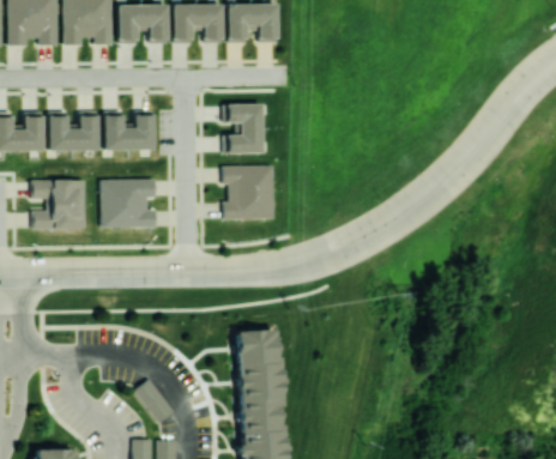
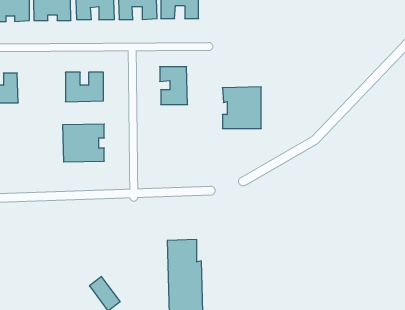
building: [49,111,98,151] -> none
building: [223,165,273,219] -> [222,87,261,128]
building: [32,179,86,229] -> none

